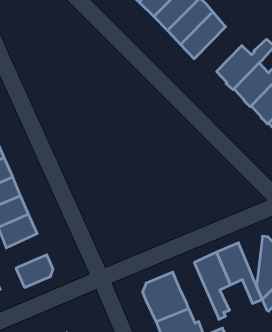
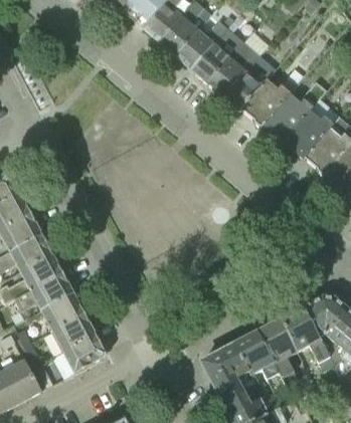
building: none -> [241,61,311,127]
building: none -> [52,312,97,352]
building: none -> [303,295,328,351]
building: none -> [234,331,287,393]

